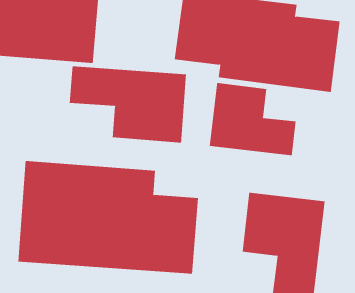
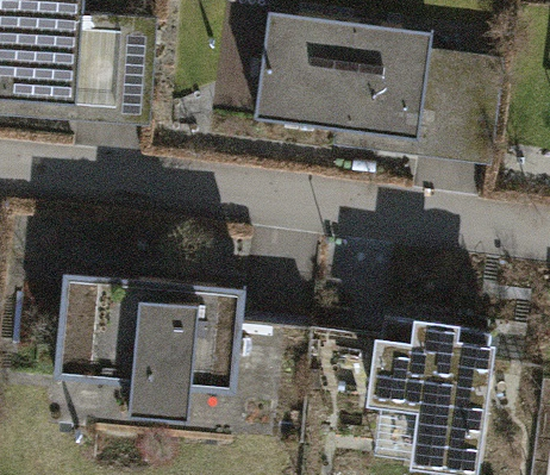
building: [69,66,186,143] -> none
building: [209,82,296,156] -> none

